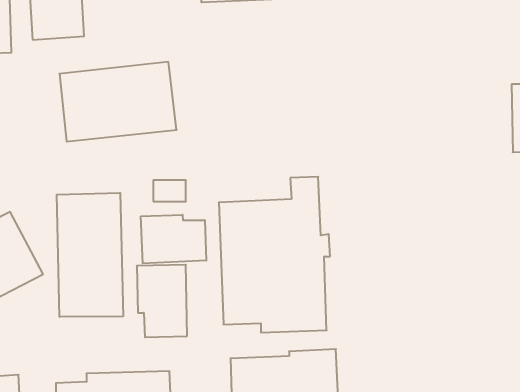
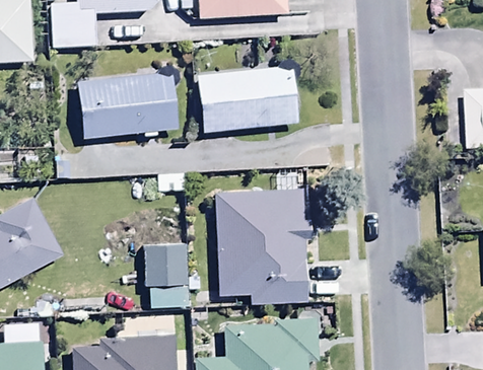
building: none -> [196,64,299,133]
building: [57,193,123,317] -> none
building: [141,215,206,263] -> none

